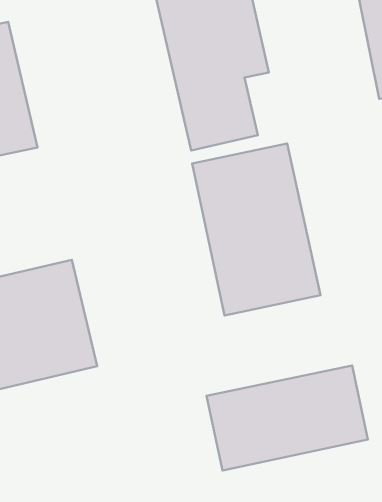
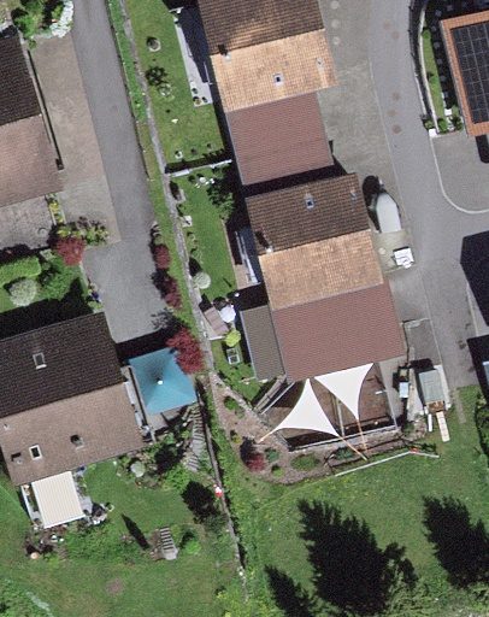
building: [206,365,368,470] -> none

